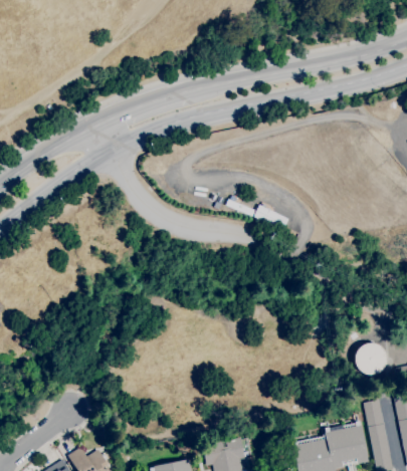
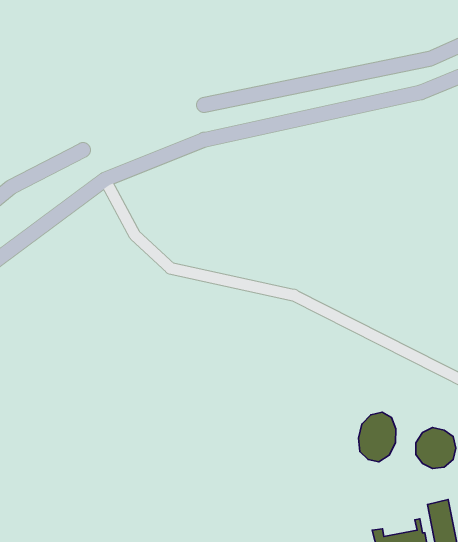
building: none -> [359,412,396,462]

